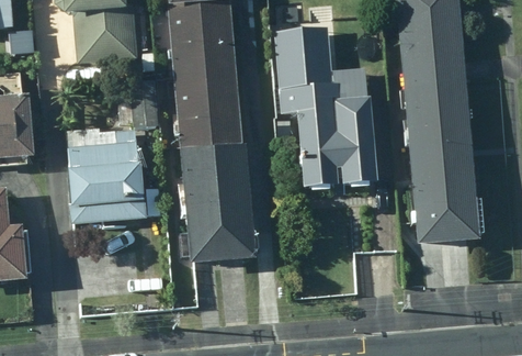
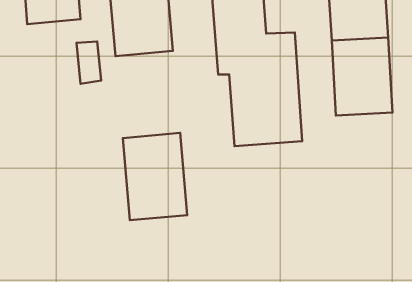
building: [174,86,243,179] -> none
building: [68,126,143,223] -> none
building: [410,152,476,244] -> none

